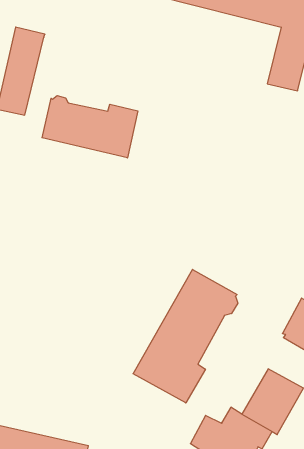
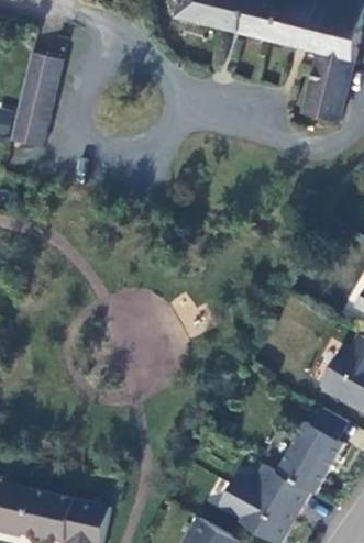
building: [42,96,138,158] -> none
building: [133,269,238,403] -> none

